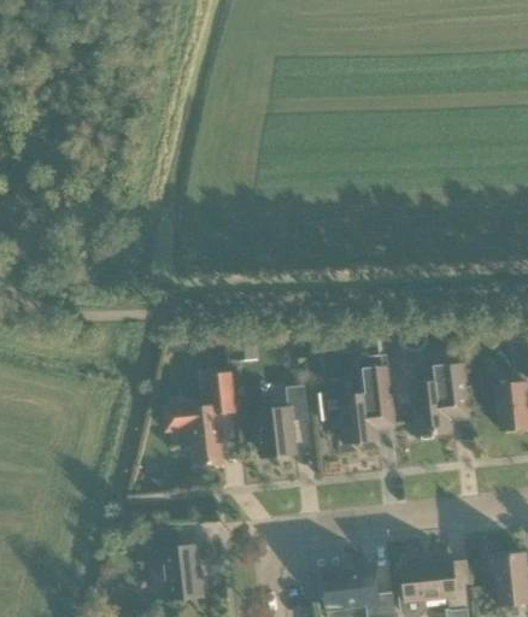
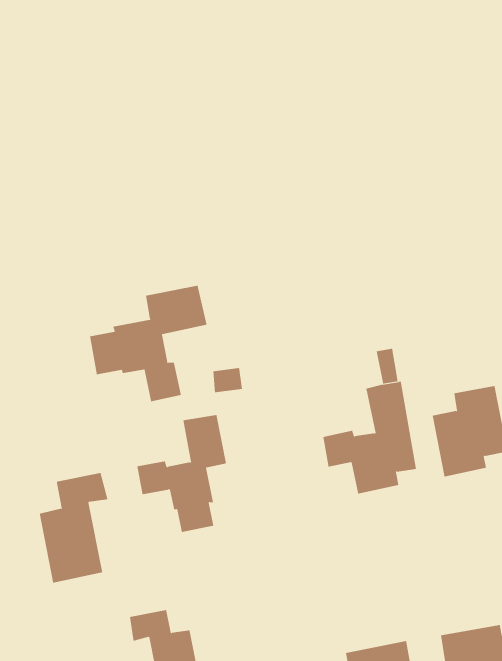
building: none -> [89,285,207,402]
building: [257,387,310,459] -> none
building: none -> [39,472,108,583]

